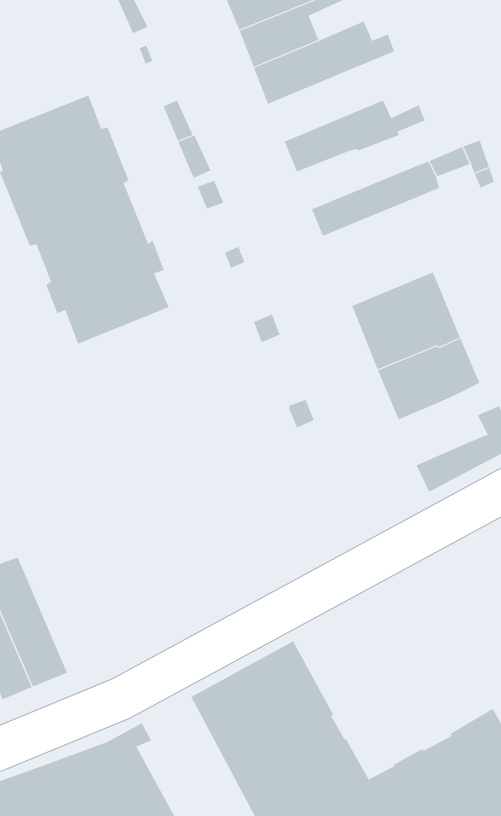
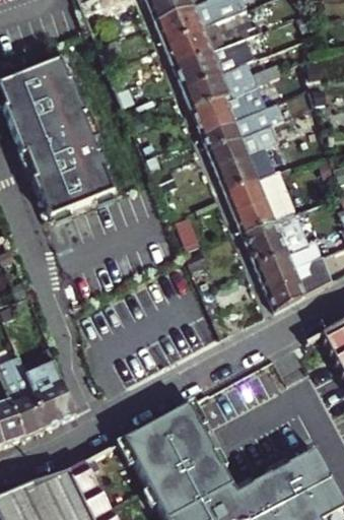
building: none -> [173,34,256,90]
building: none -> [191,94,266,133]
building: none -> [207,120,292,194]
building: none -> [255,247,311,295]
building: none -> [22,356,76,426]

